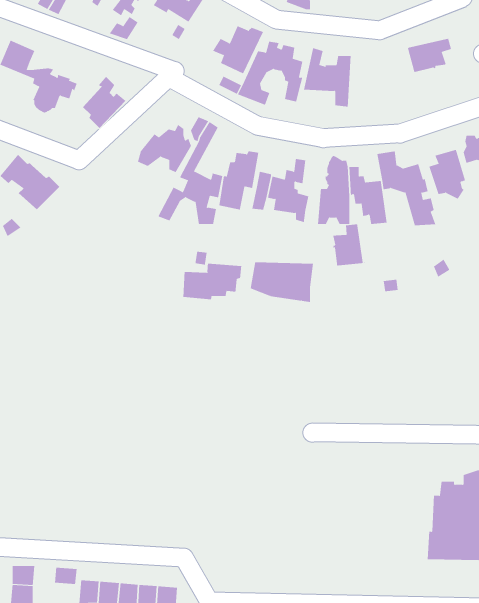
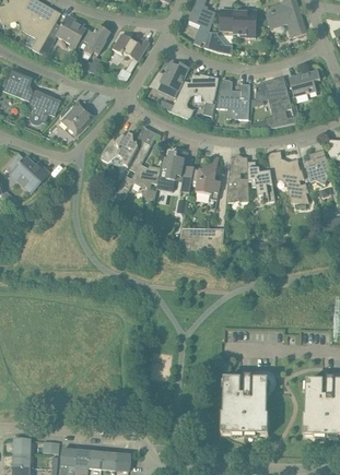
building: none -> [255,79,296,127]
building: [331,224,365,267] -> none
building: [183,263,242,300] -> none
building: none -> [221,370,275,435]

